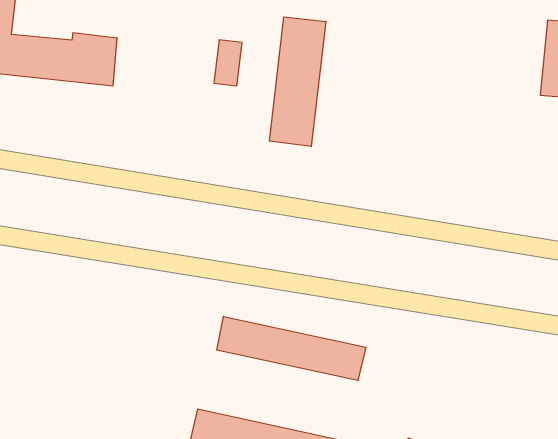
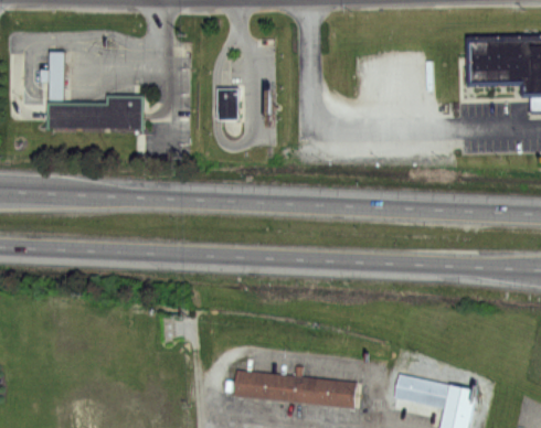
building: [269,17,326,147] -> none
building: [217,316,366,381] -> none

